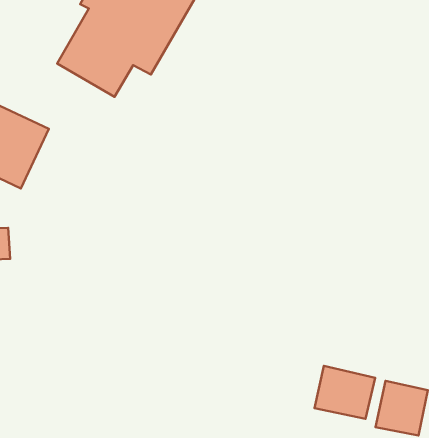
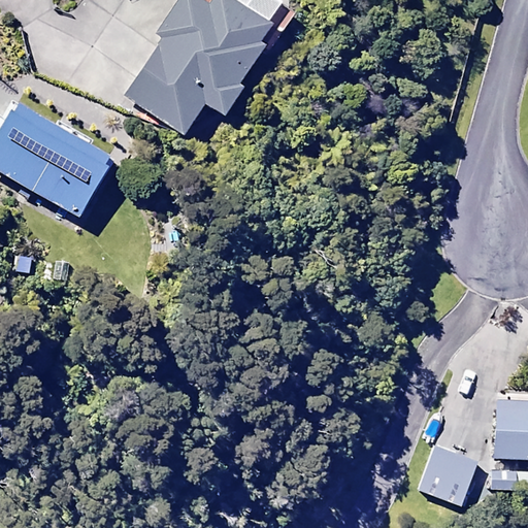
building: [315,366,375,419] -> none

